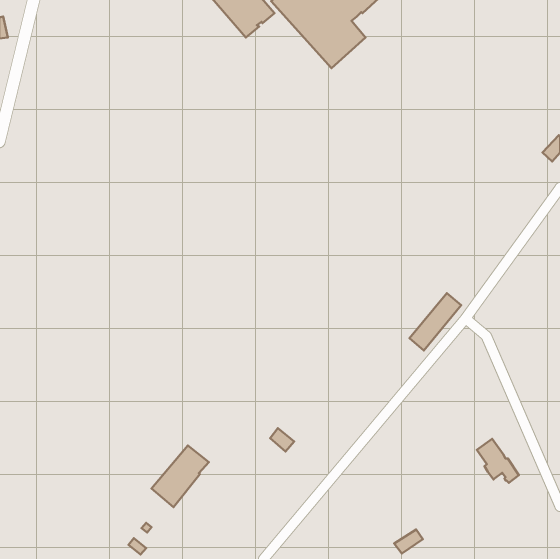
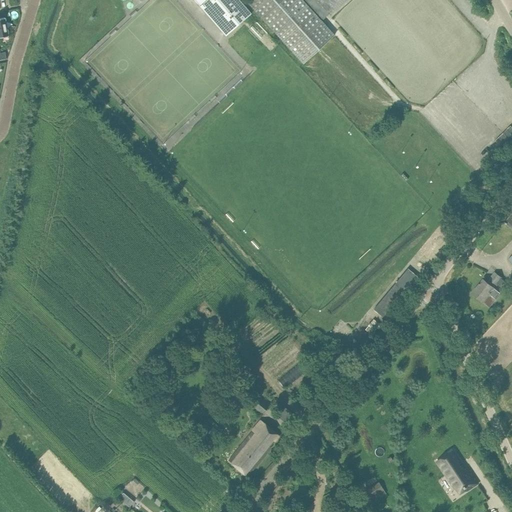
building: none -> [472,271,504,305]
building: [477,439,519,483] -> [438,448,476,488]
building: [152,446,209,507] -> [226,419,278,475]

